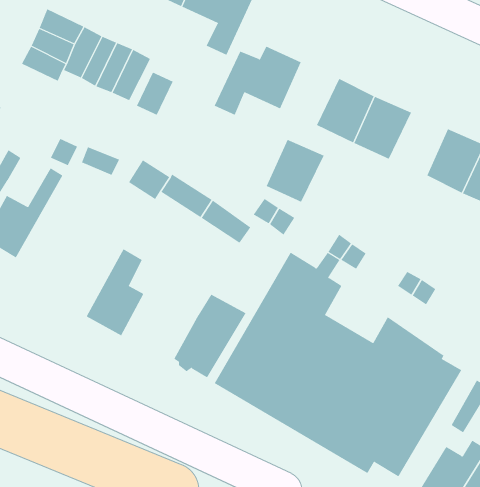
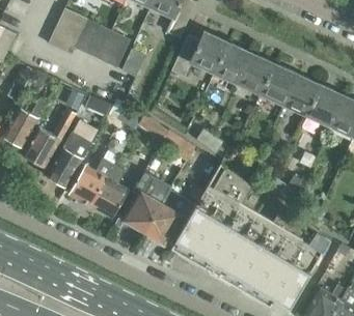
building: none -> [283,75,321,115]
building: [266,139,324,203] -> [214,42,251,83]
building: none -> [46,133,91,188]
building: none -> [69,157,113,205]
building: none -> [124,172,161,232]

